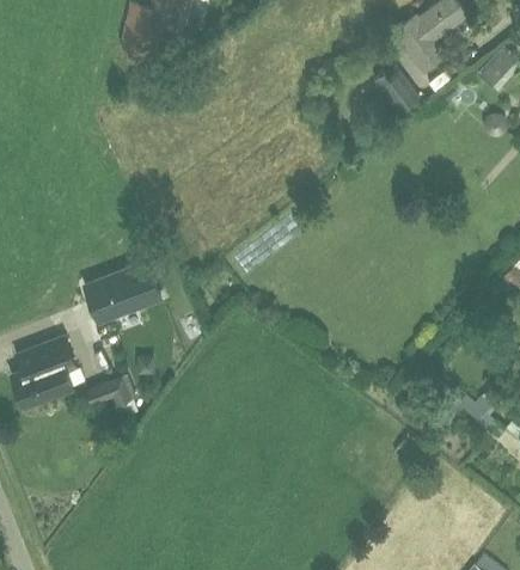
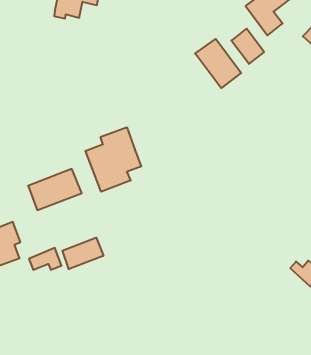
building: none -> [195,39,241,88]
building: none -> [86,127,141,192]
building: none -> [62,238,103,269]

